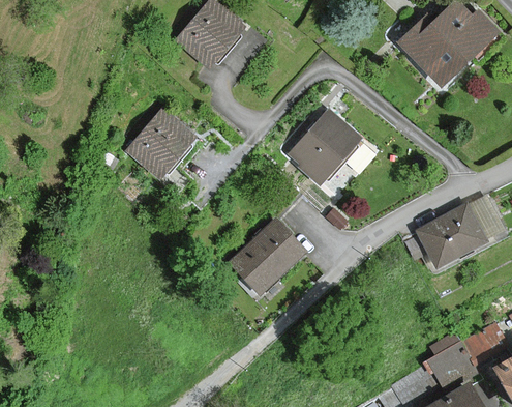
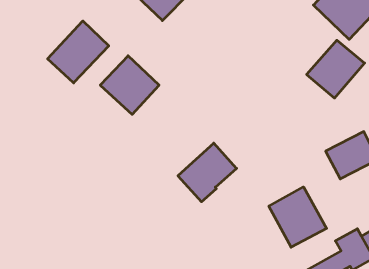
building: none -> [48,21,109,83]
building: [290,111,363,184] -> [307,40,365,98]
building: none -> [269,187,327,247]

